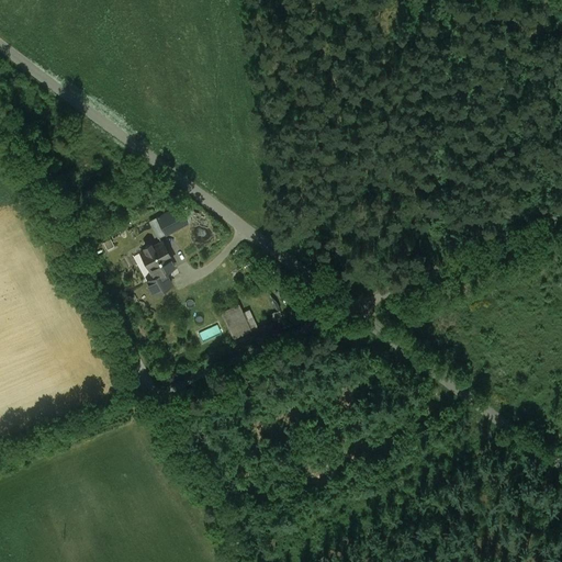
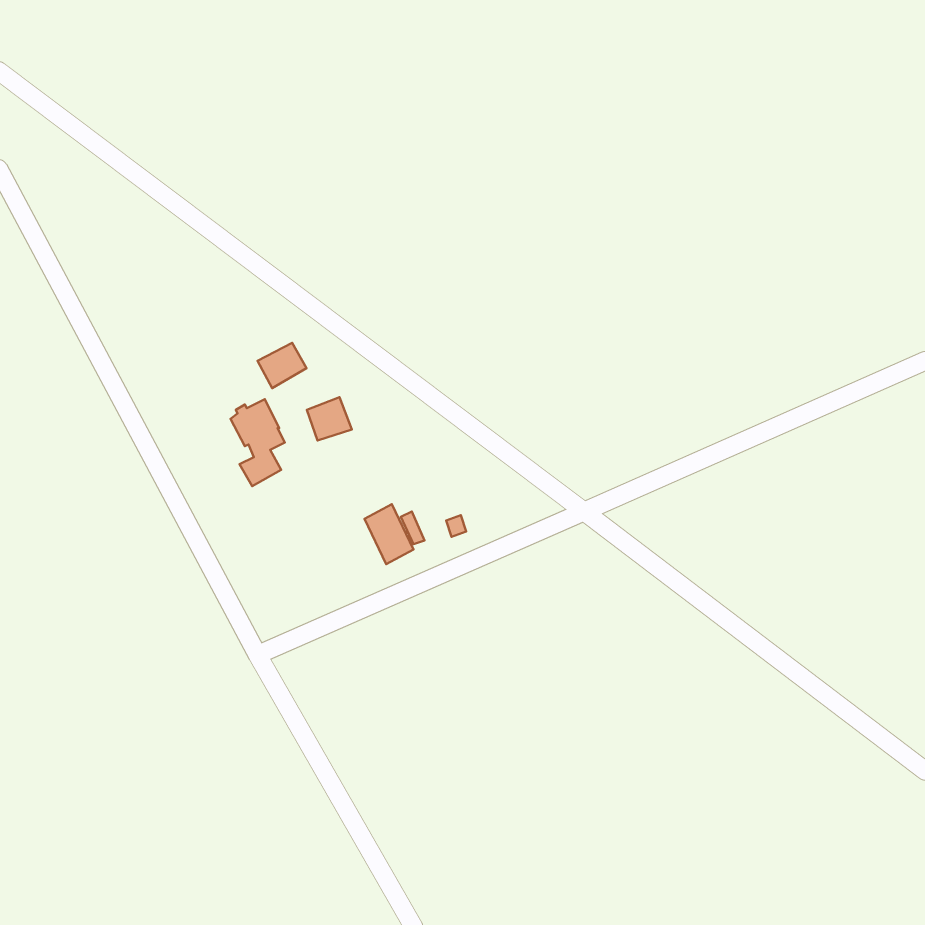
building: none -> [307,397,352,441]

